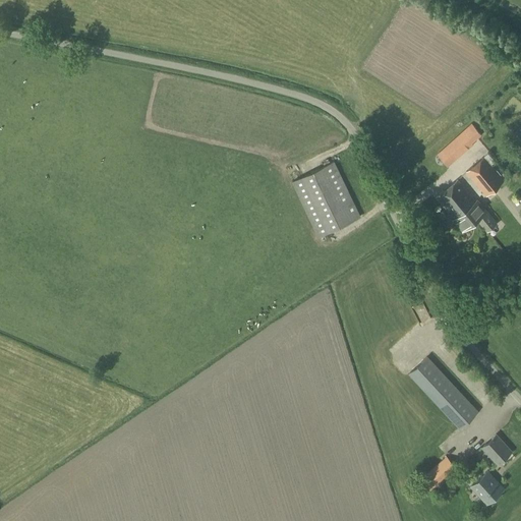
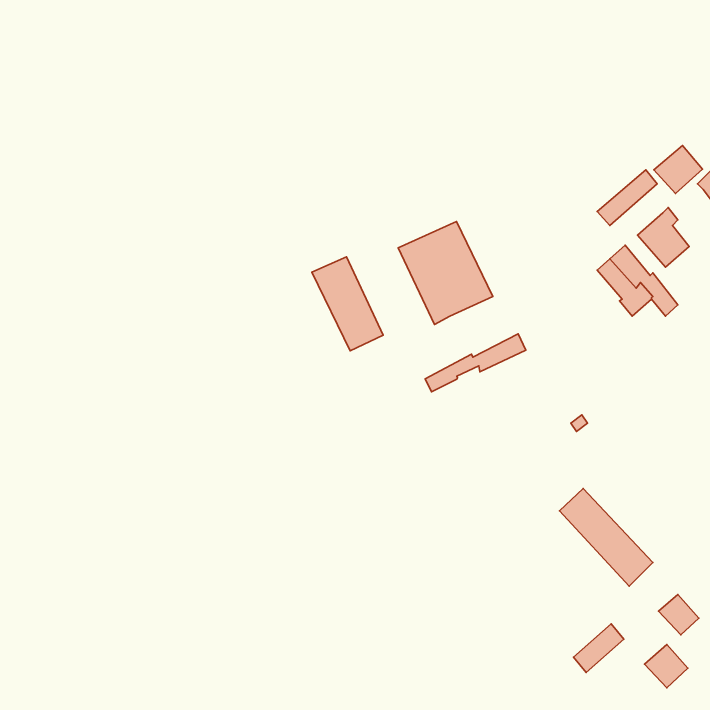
building: none -> [654,146,703,193]
building: none -> [312,257,383,351]
building: none -> [425,334,526,392]

